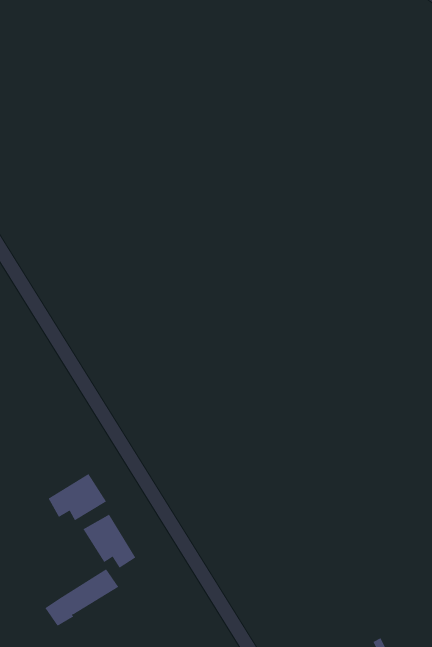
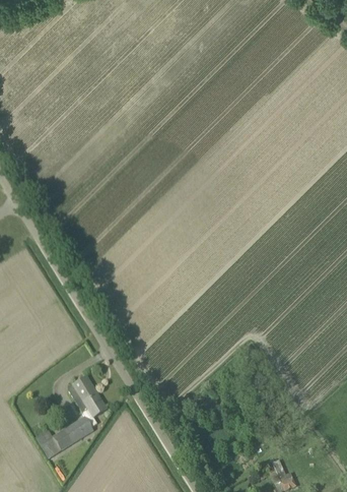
building: [48,473,107,521] -> none

